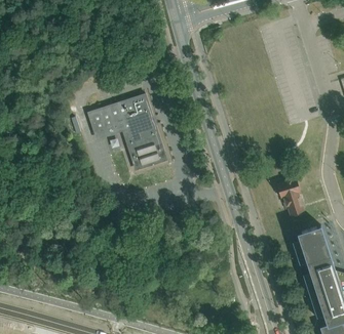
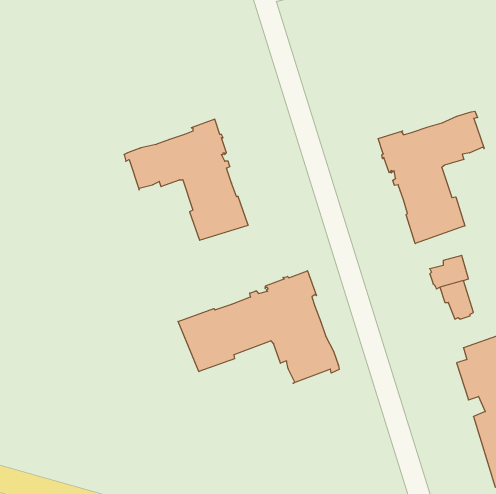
building: none -> [378,111,484,244]
building: none -> [178,271,339,383]

